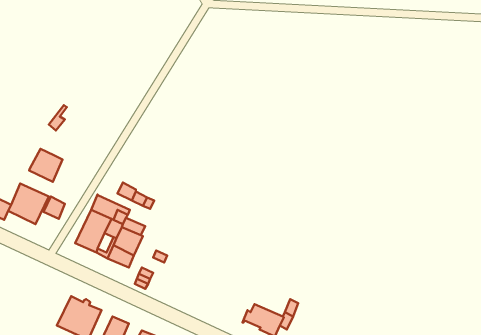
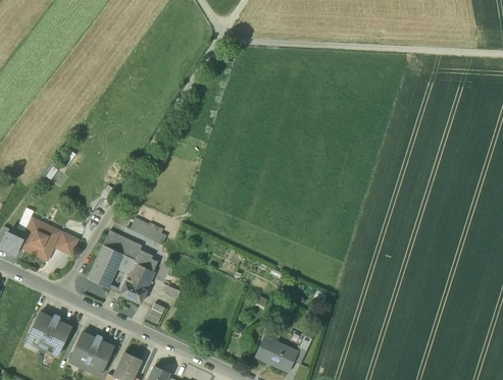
building: [29,149,62,182] -> none
building: none -> [27,311,70,356]

